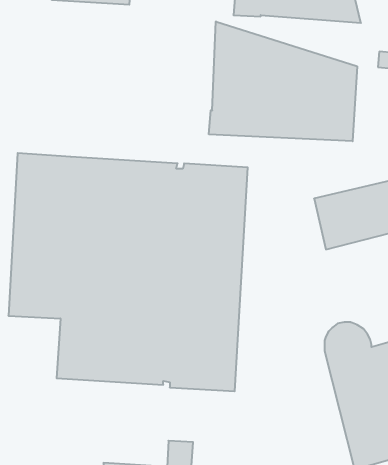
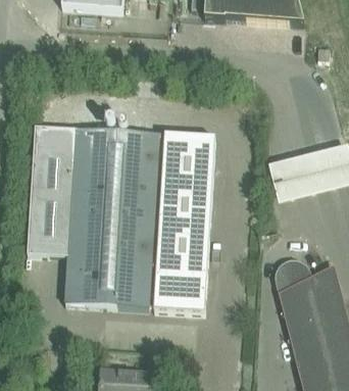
building: [209,21,357,141] -> none

